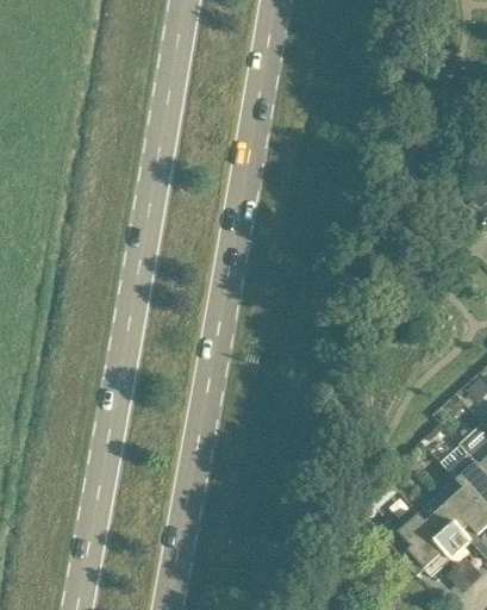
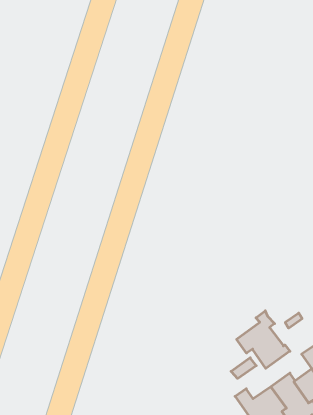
building: none -> [237,311,290,368]

